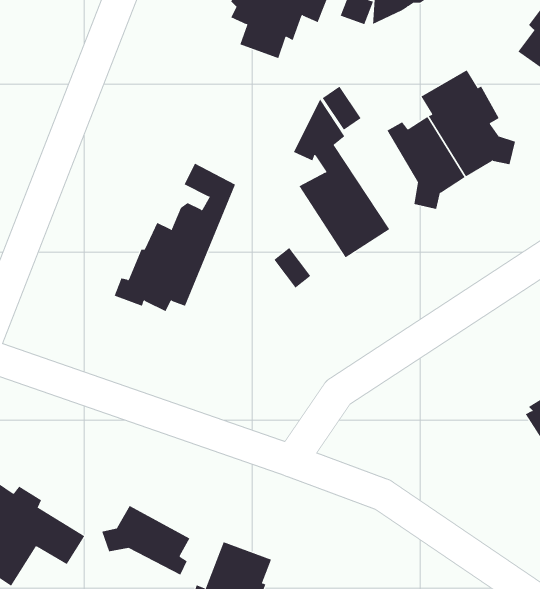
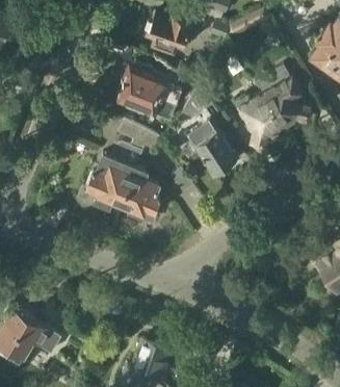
building: none -> [117,72,182,123]
building: none -> [120,134,159,226]
building: [101,505,190,575] -> none

